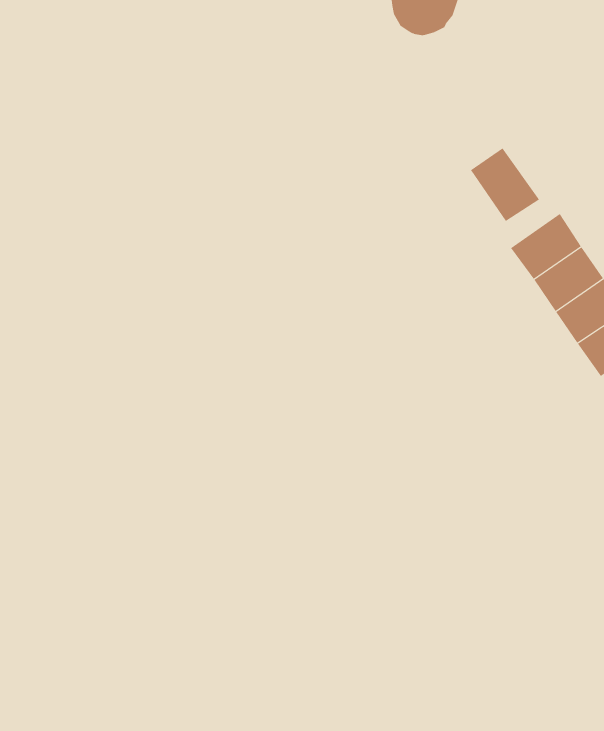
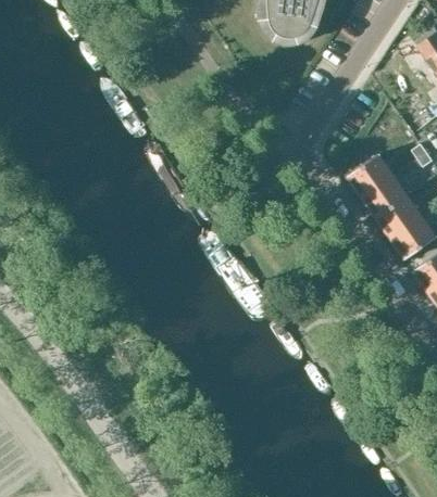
building: [470,147,540,222] -> none

